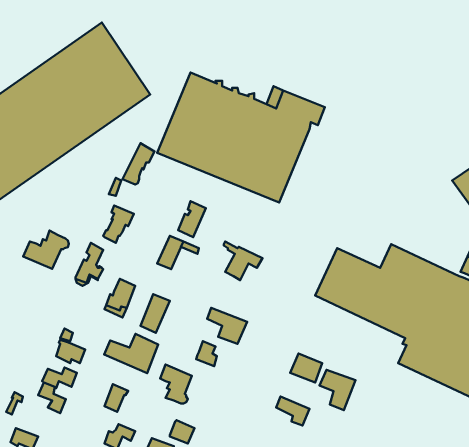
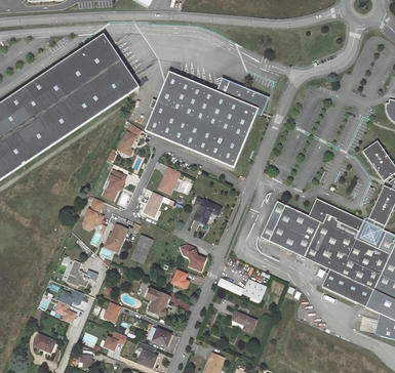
building: [23,231,69,269] -> none
building: [104,334,158,373] -> none
building: [320,370,356,410] -> none

